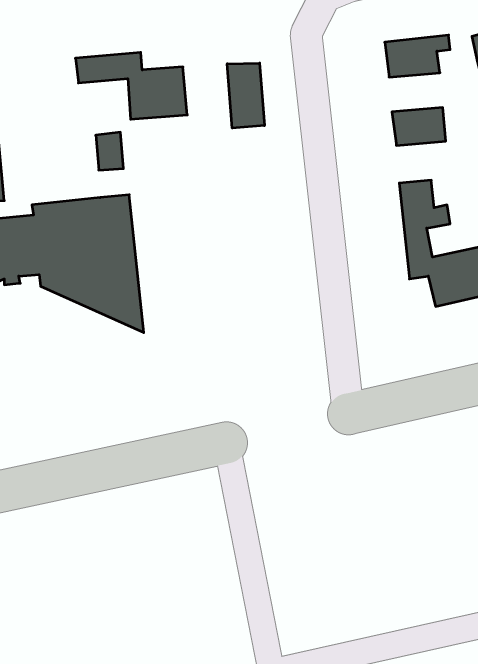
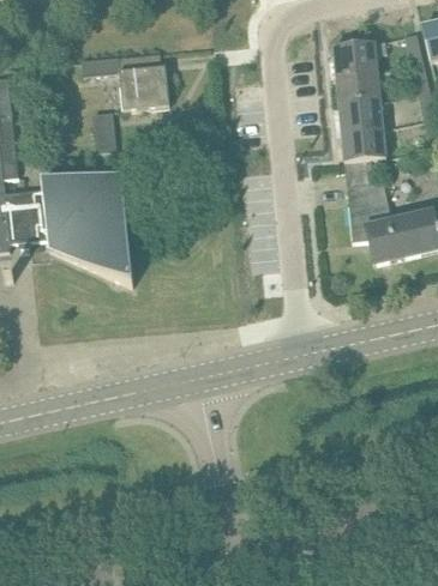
building: [227,63,264,128] -> none
building: none -> [335,68,379,101]
building: none -> [341,125,385,159]

